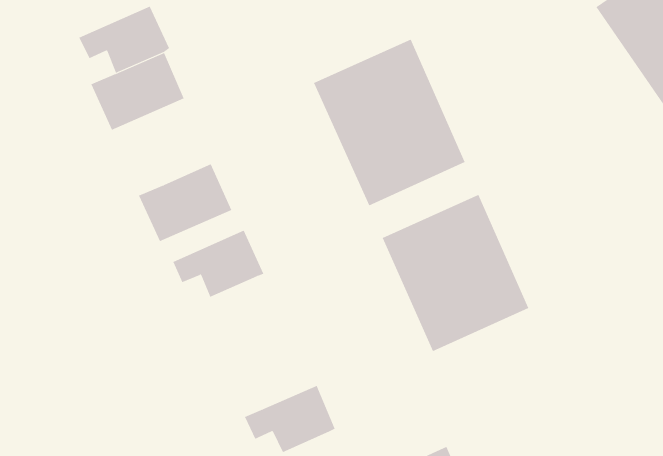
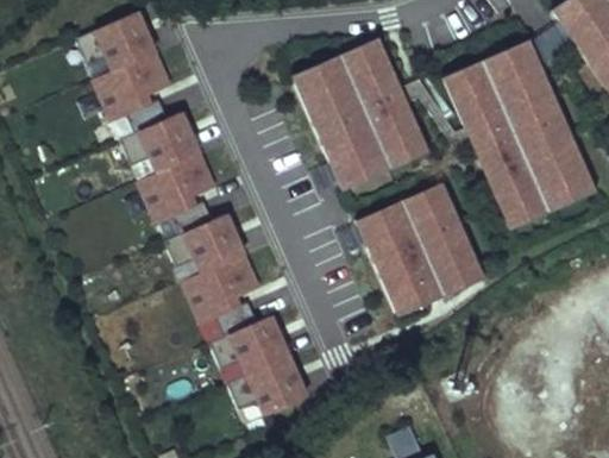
building: none -> [440,42,595,231]
building: none -> [124,111,206,171]
building: none -> [176,253,260,324]
building: none -> [213,312,295,372]

